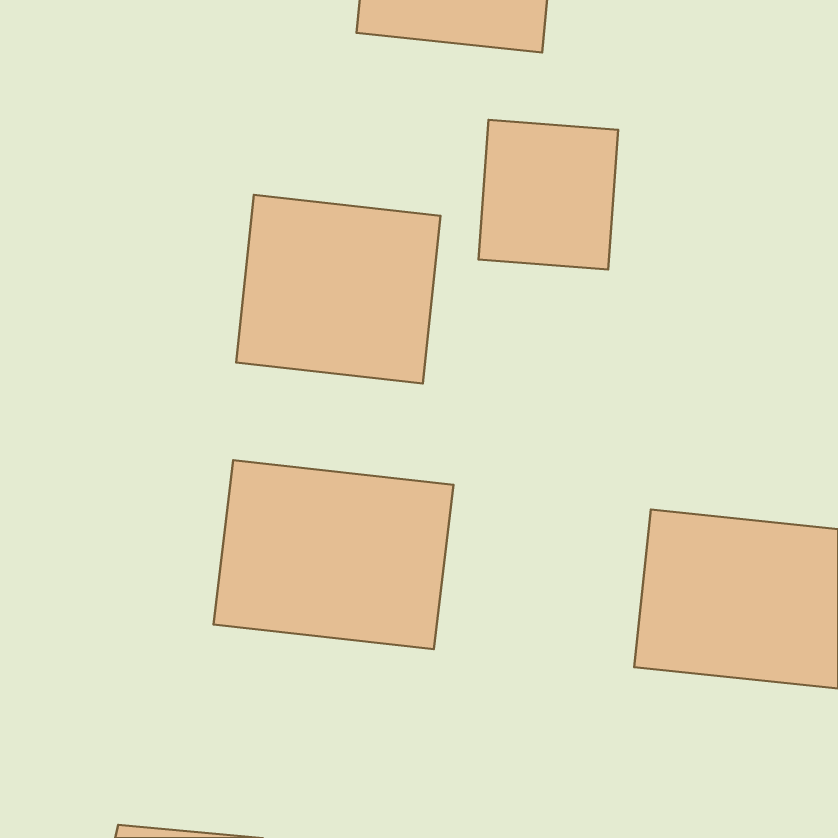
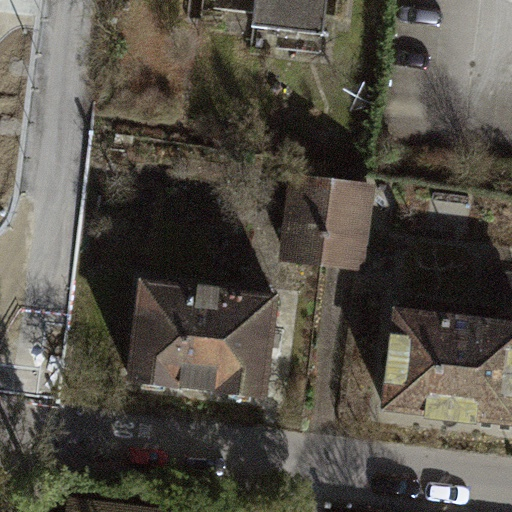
building: [478,120,618,270] -> [287,178,372,269]
building: [236,195,440,383] -> none

